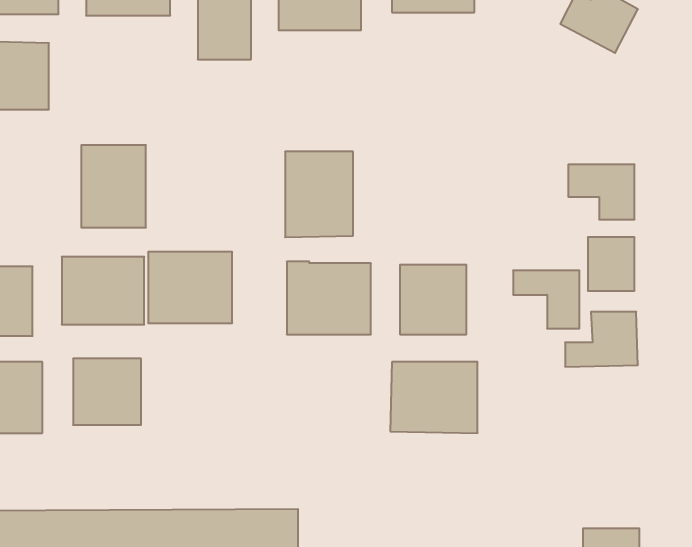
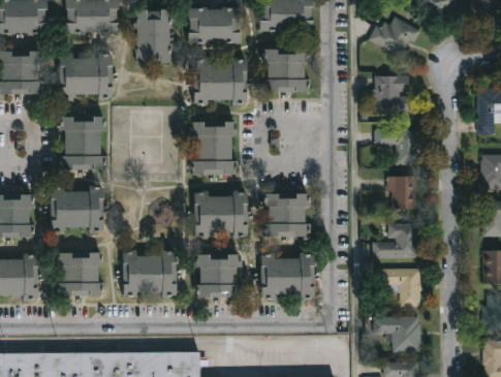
building: none -> [267,49,309,92]
building: none -> [60,55,114,98]
building: none -> [194,59,249,104]
building: none -> [372,75,408,112]
building: [148,252,232,323] -> [123,252,177,297]
building: [513,270,579,329] -> [377,270,419,307]
building: none -> [198,255,240,297]
building: none -> [372,317,419,352]

